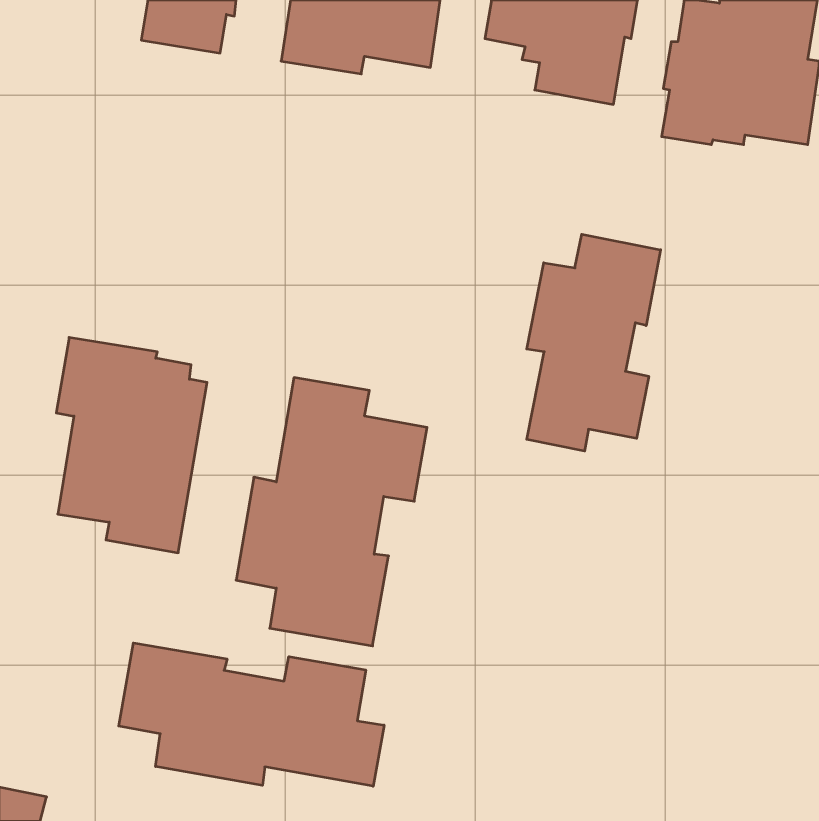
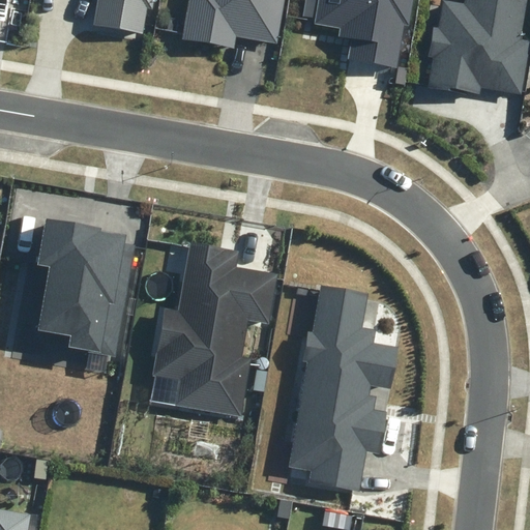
building: [527,234,661,451] -> none
building: none -> [287,285,399,490]
building: [119,643,384,786] -> none

